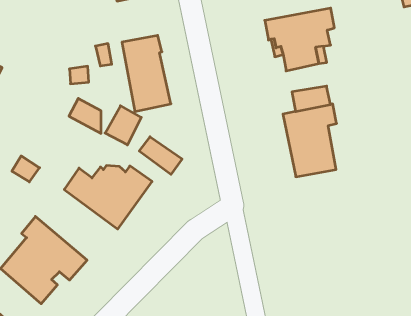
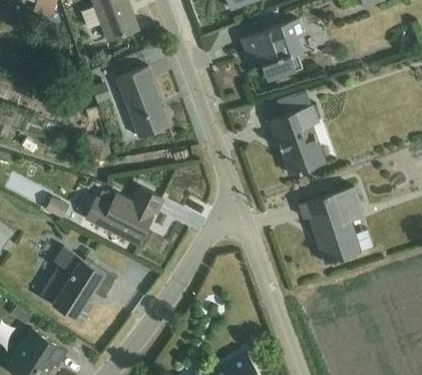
building: [105,106,141,145] -> none
building: [139,137,182,174] -> none
building: none -> [299,186,372,264]

